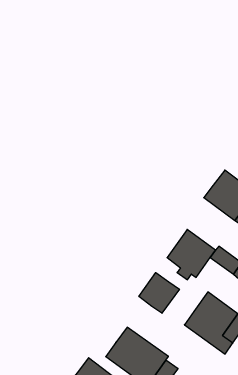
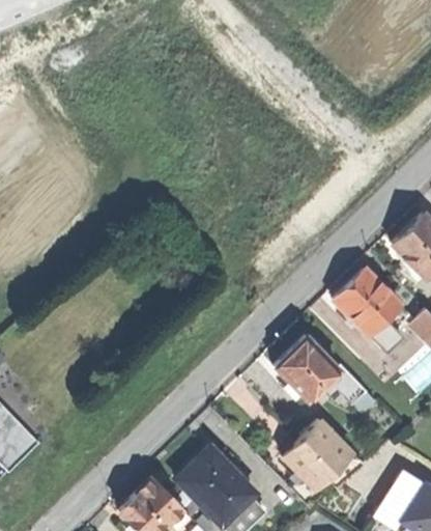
building: [139,273,179,313] -> none

